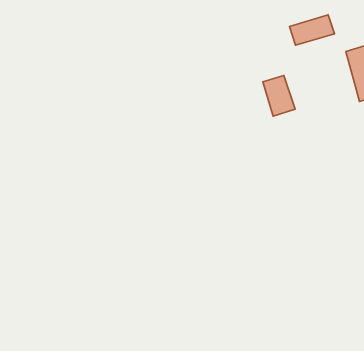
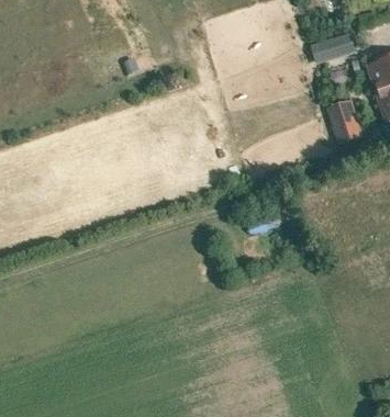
building: [263,76,295,116] -> [327,100,361,143]

